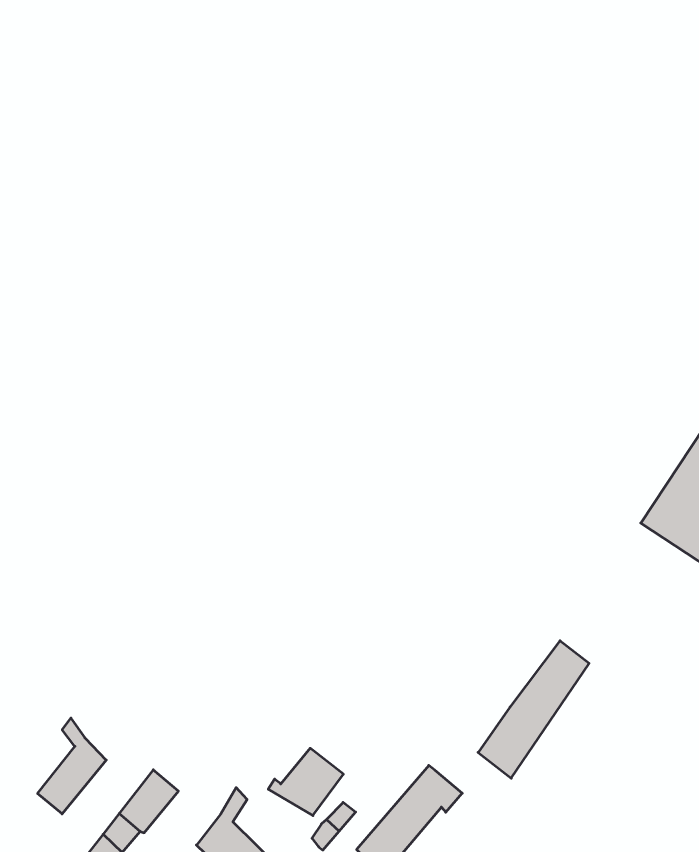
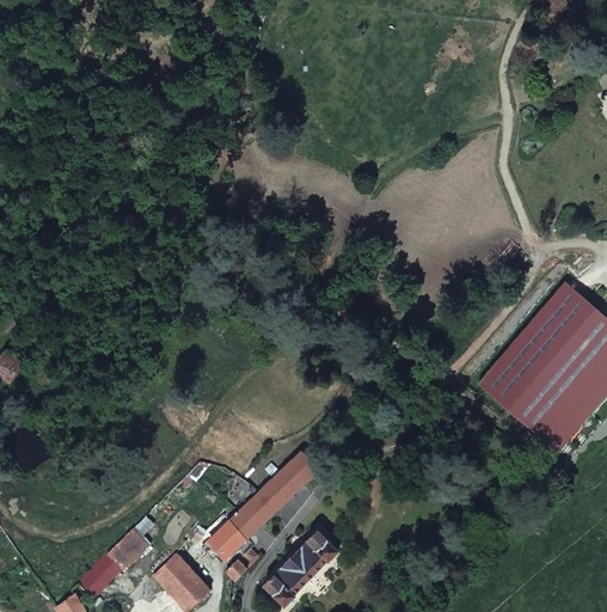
building: [478,641,589,778] -> [240,449,318,533]
building: [38,718,106,814] -> none

